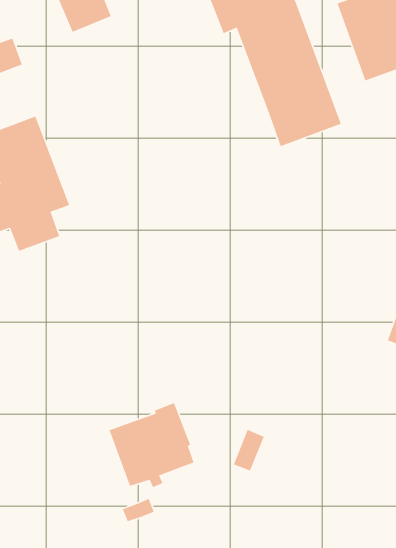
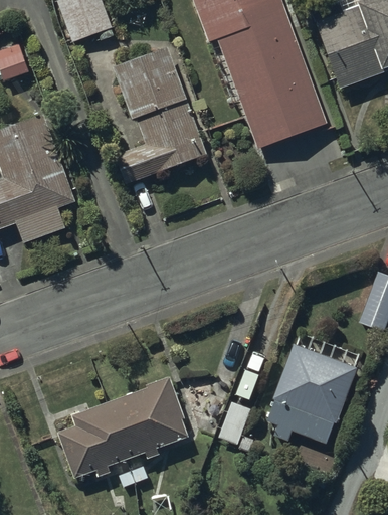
building: none -> [118,49,205,175]
building: none -> [268,346,355,442]
building: none -> [61,404,126,477]

